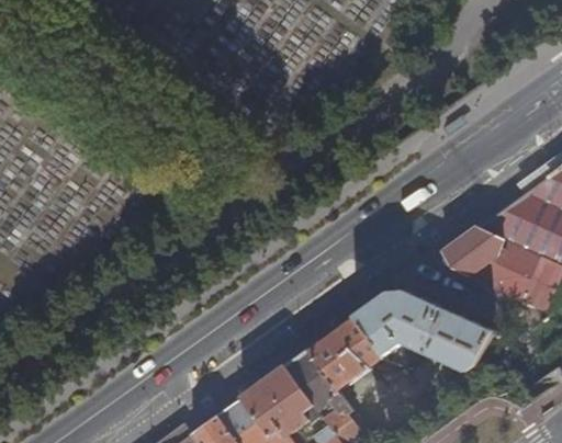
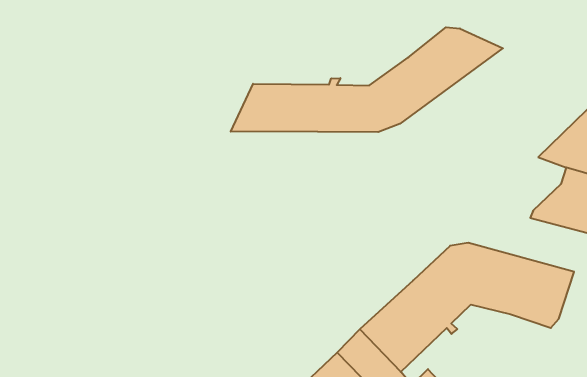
building: none -> [231,27,503,132]
building: [439,229,498,279] -> none

